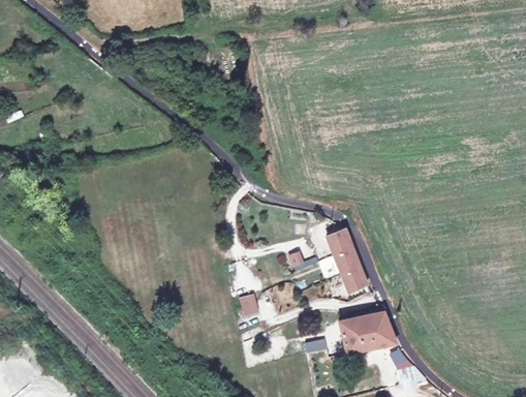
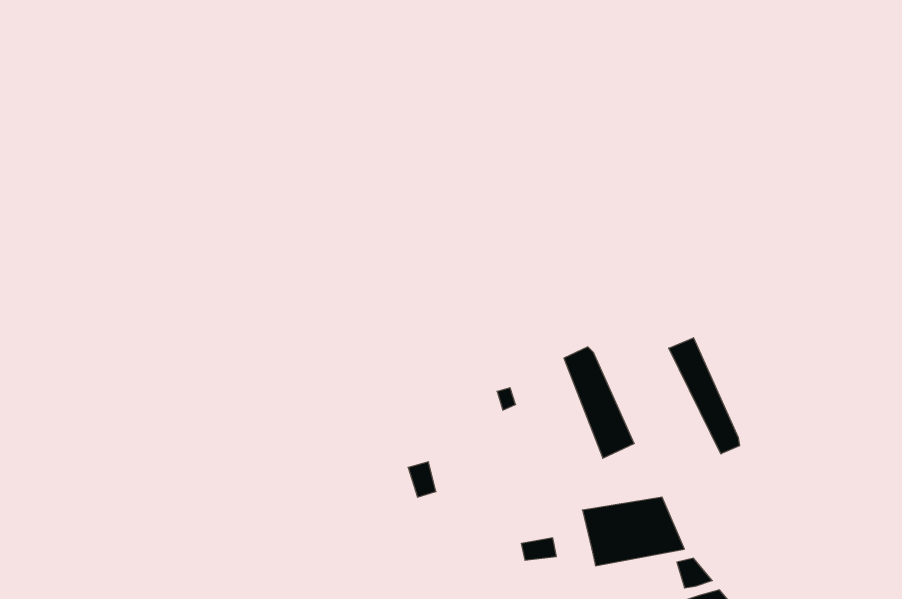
building: none -> [669,338,740,454]

